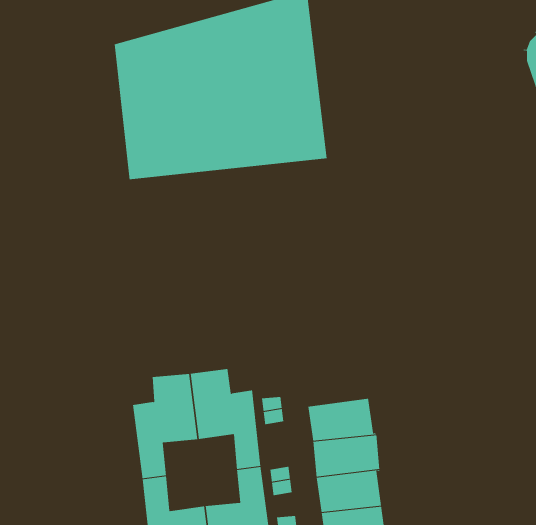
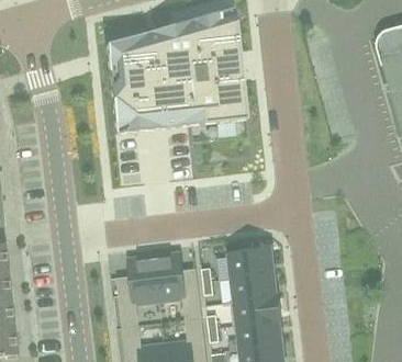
building: none -> [230,250,272,280]

